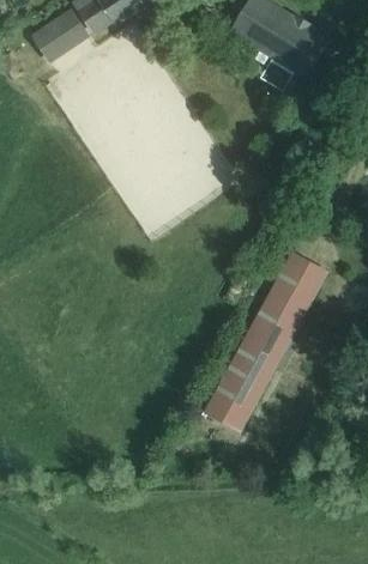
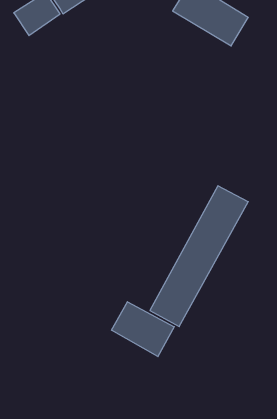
building: none -> [112,302,174,357]

